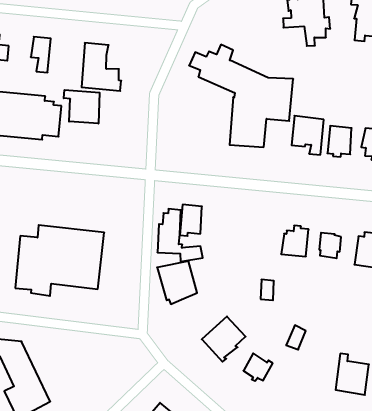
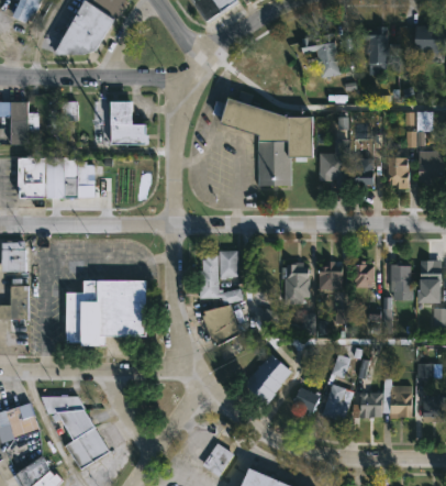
building: [64,90,100,124] -> none
building: none -> [281,261,309,305]
building: none -> [322,383,349,421]
building: none -> [359,391,382,417]

